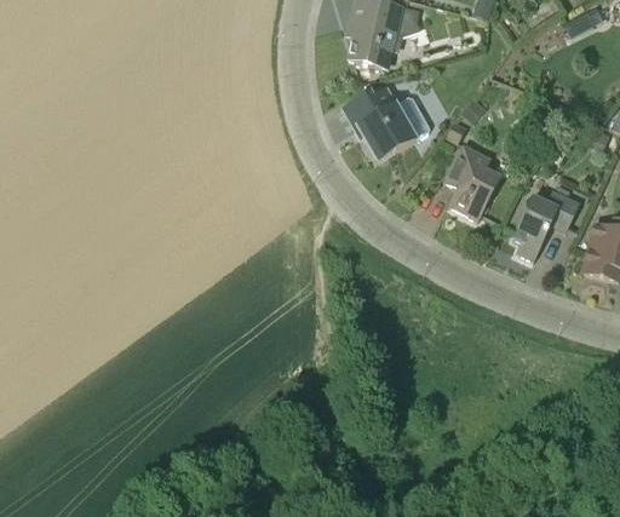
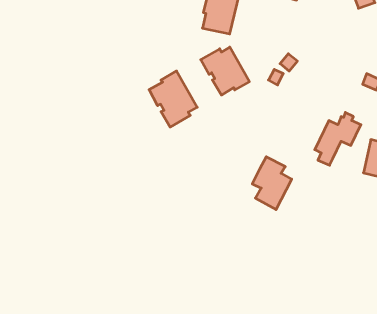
building: none -> [149,71,197,127]
building: [443,143,501,220] -> [252,157,292,210]

